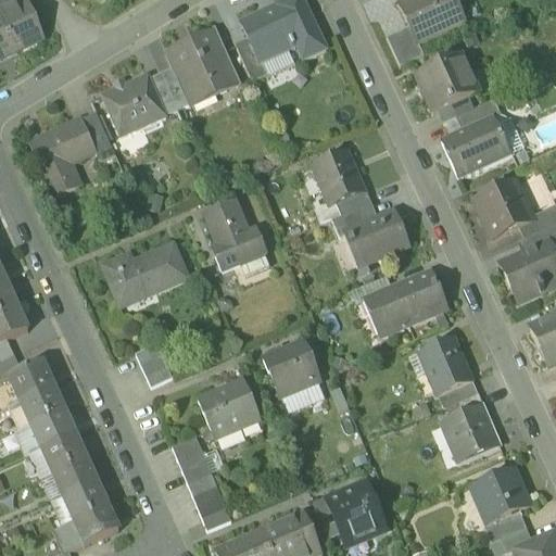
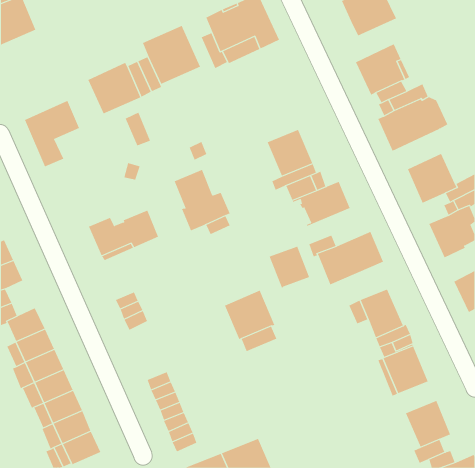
building: [386,25,424,65] -> none
building: [79,110,110,150] -> [125,112,151,146]
building: none -> [269,246,310,289]
building: [199,377,260,437] -> none
building: [326,481,386,541] -> none

